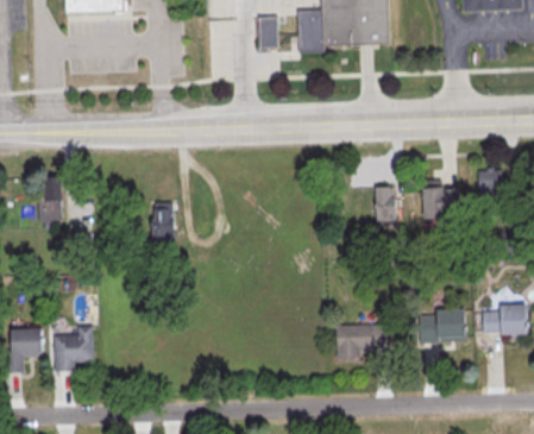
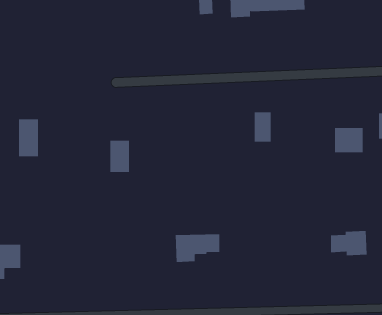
building: [376,187,397,224] -> [254,112,272,142]
building: [334,325,389,359] -> [175,234,220,262]
building: [55,326,94,370] -> none

